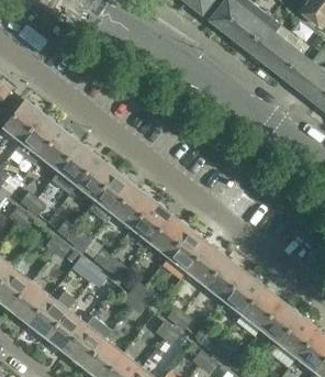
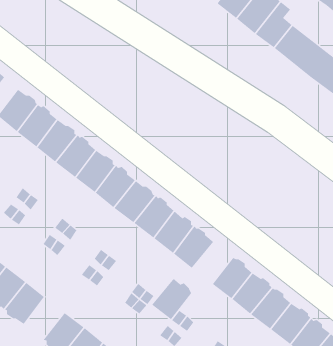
building: [187,245,225,285] -> [151,278,192,320]
building: [29,297,67,337] -> none

